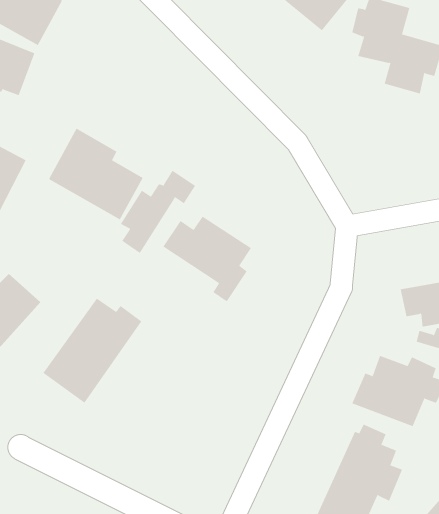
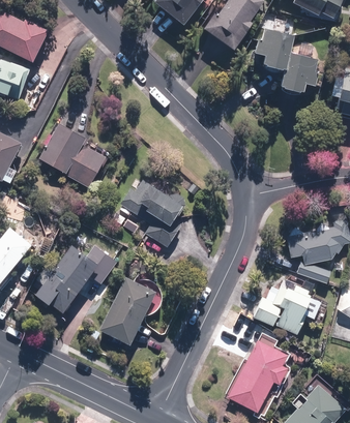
building: [120,170,196,254] -> none
building: none -> [98,274,158,348]

